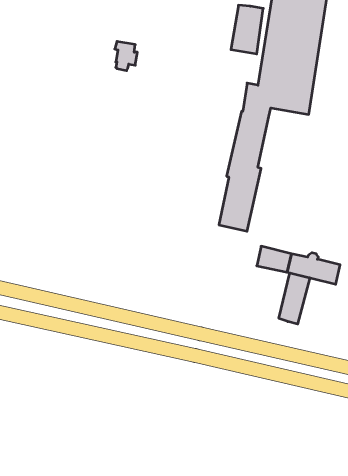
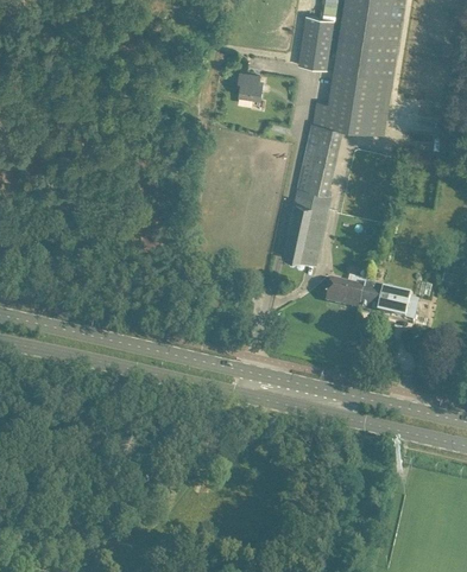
building: [115,41,137,71] -> [238,72,263,104]
building: [279,273,310,324] -> none

